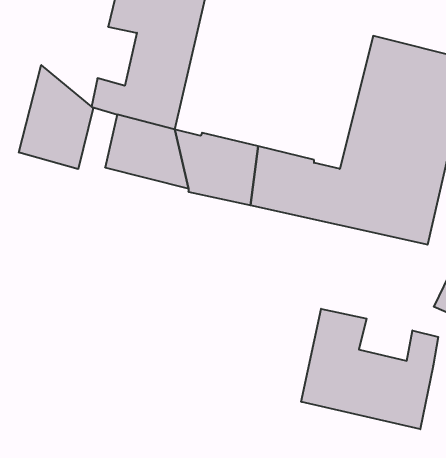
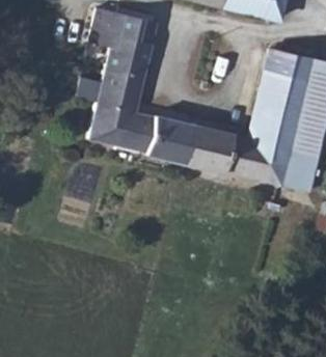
building: [19,65,93,169] -> none
building: [301,309,438,429] -> none

